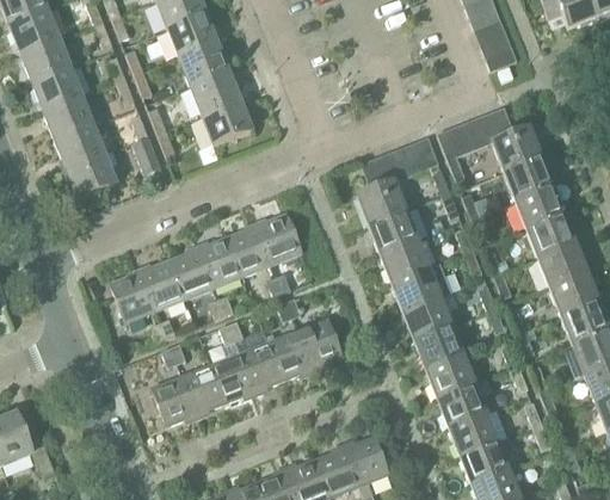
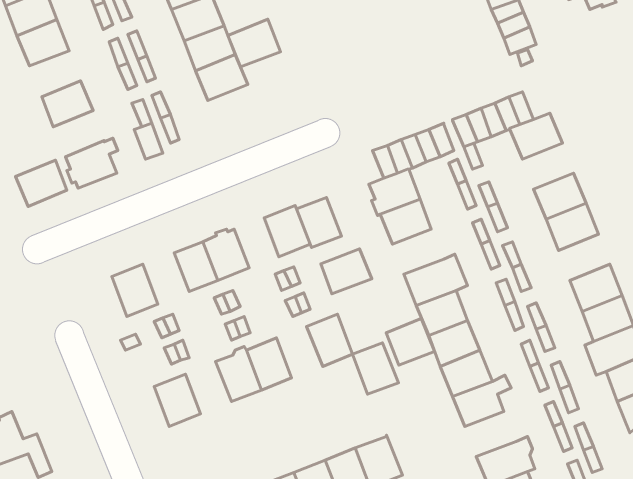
building: [32,67,81,111] -> none
building: [203,99,253,144] -> [228,19,280,67]
building: [55,124,104,168] -> [16,160,67,206]
building: [504,155,553,199] -> none
building: [228,227,271,274] -> [297,198,341,248]
building: [380,237,429,280] -> [321,249,372,294]
building: [538,242,587,286] -> none
building: [141,260,185,309] -> none
building: none -> [386,319,435,365]
building: [269,331,313,379] -> [352,343,399,394]
building: [181,364,226,414] -> none
building: [449,412,498,455] -> none

